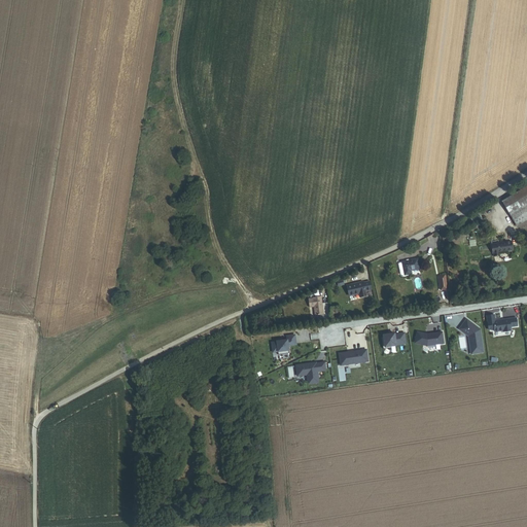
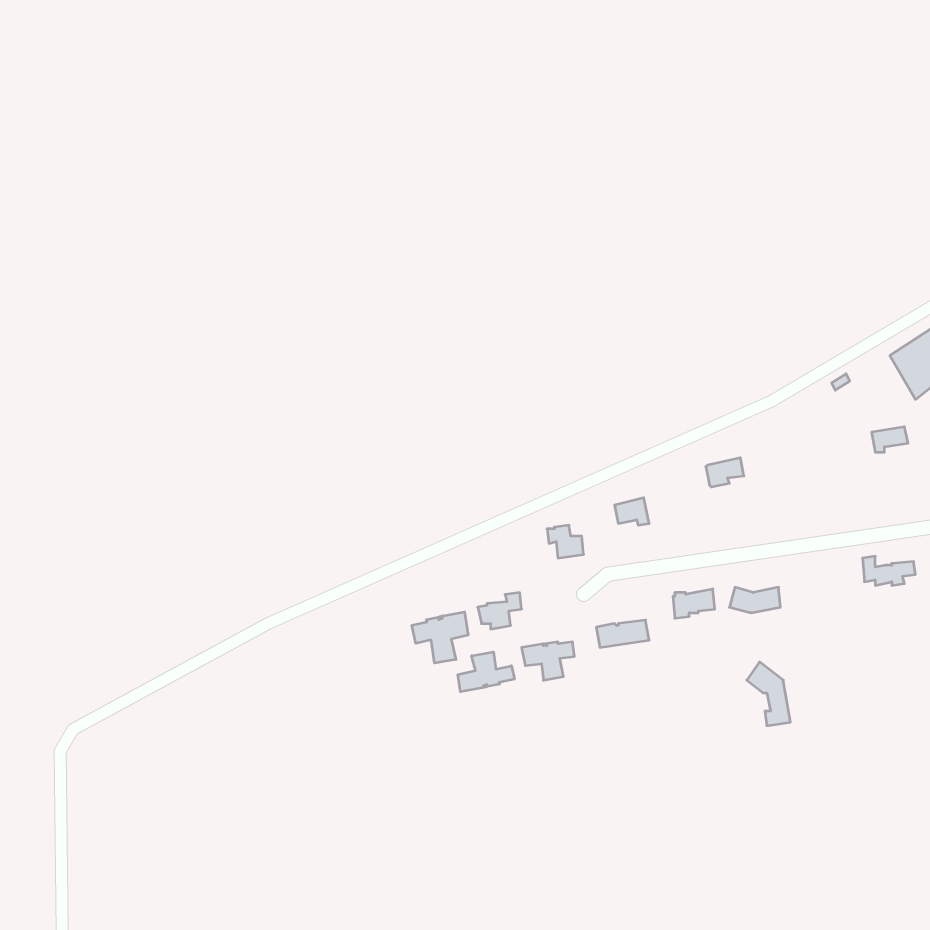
building: [457,318,482,354] -> [747,662,790,726]
building: none -> [412,612,468,663]
building: none -> [458,652,514,692]

